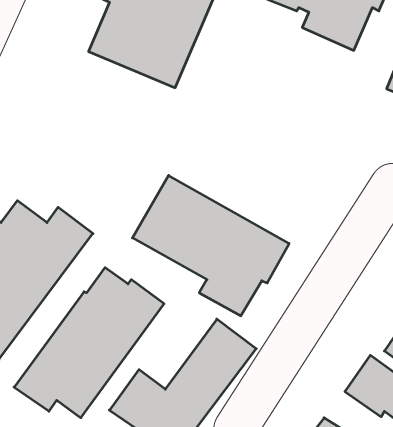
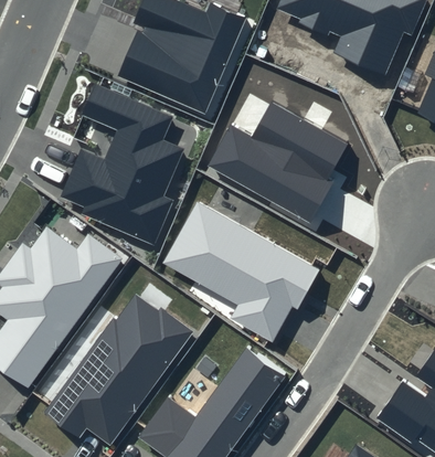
building: none -> [60,84,183,245]
building: none -> [209,102,348,223]

